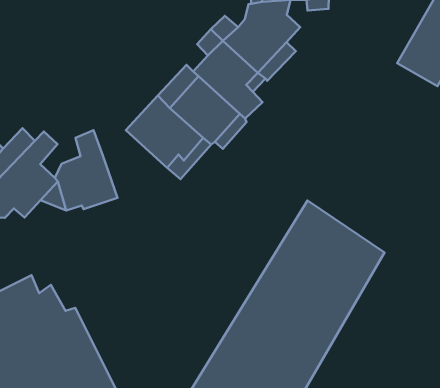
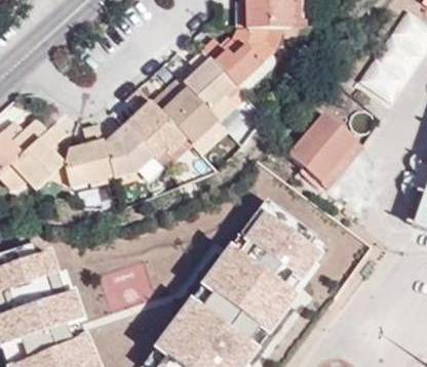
building: none -> [286,113,355,182]
building: none -> [103,127,153,182]

